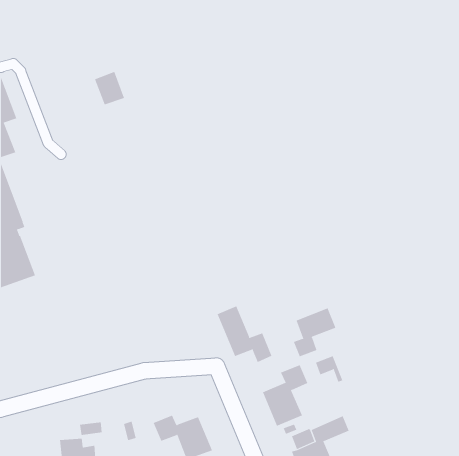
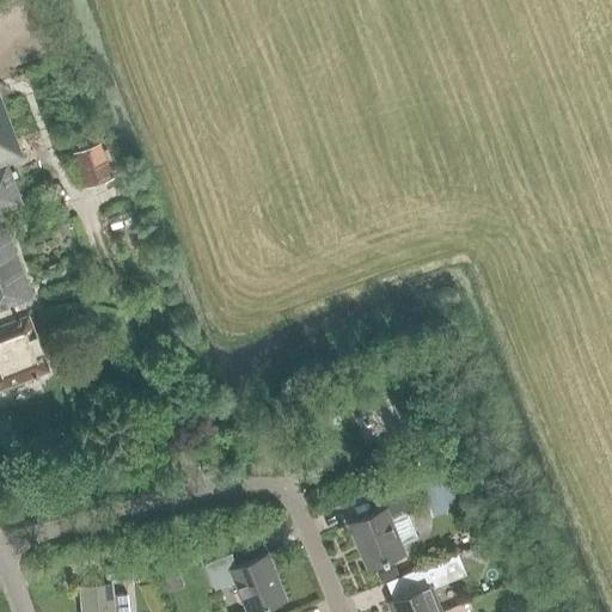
building: [94,71,125,105] -> [72,145,112,190]
building: [217,305,272,363] -> none
building: [293,308,336,357] -> none

